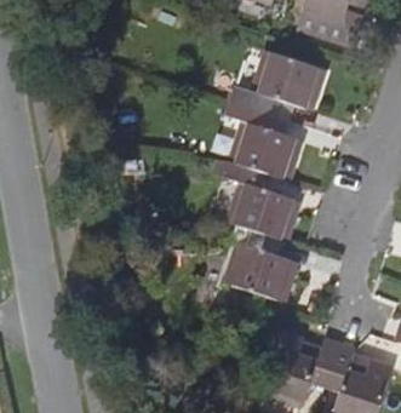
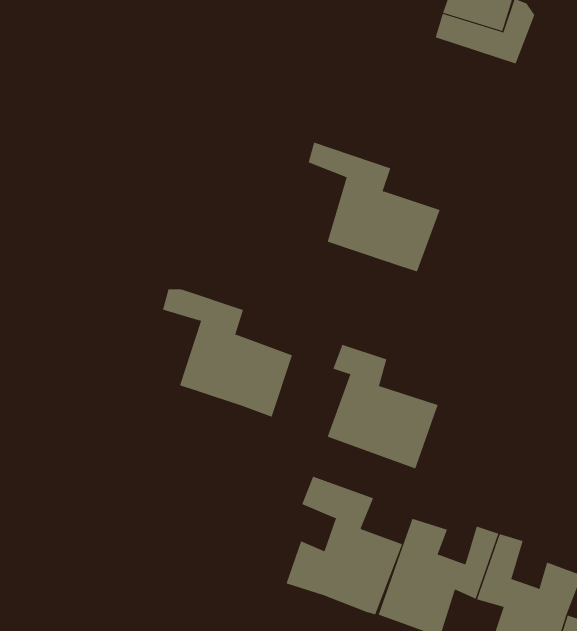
building: [220,46,323,110] -> none
building: [217,157,300,240] -> [162,289,293,418]
building: none -> [286,476,403,615]

